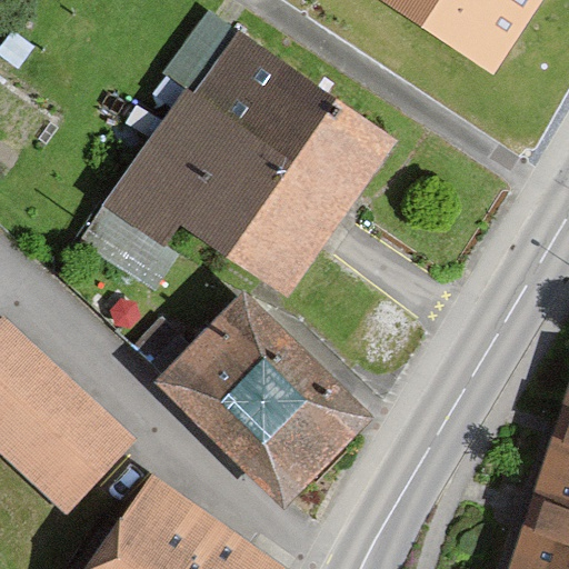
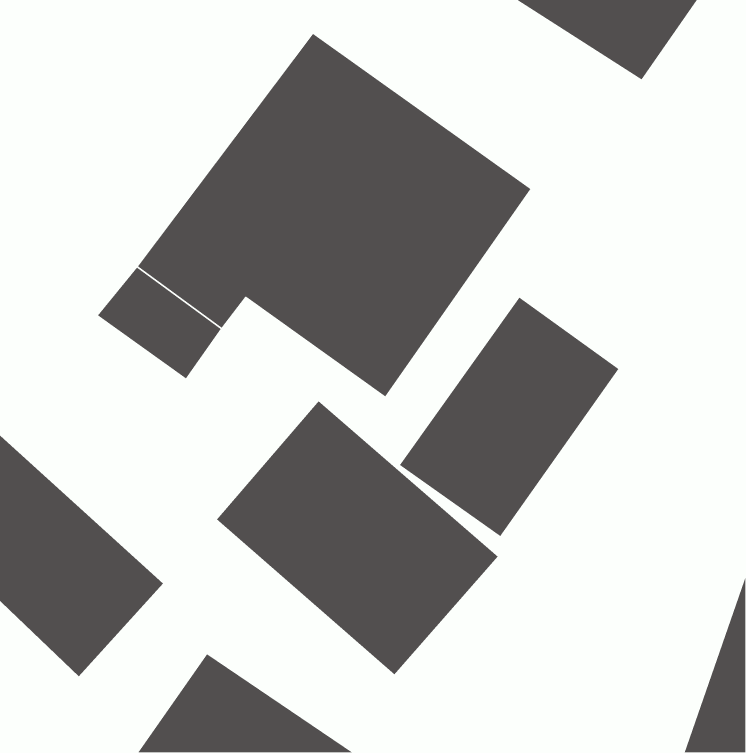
building: none -> [399,297,620,537]

